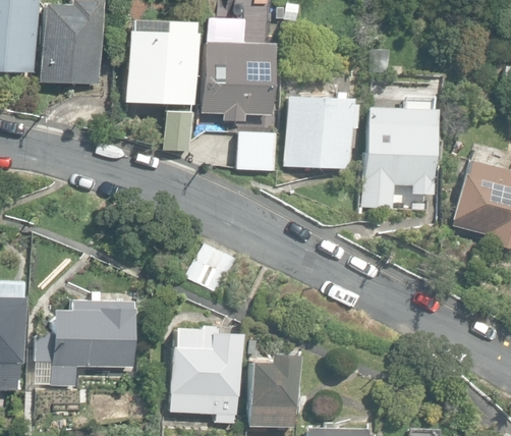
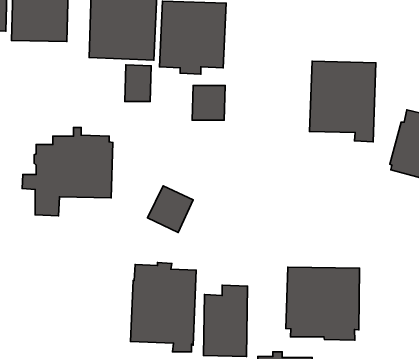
building: [286,97,357,168] -> none
building: [38,292,136,388] -> [22,128,113,216]
building: none -> [286,267,360,340]

